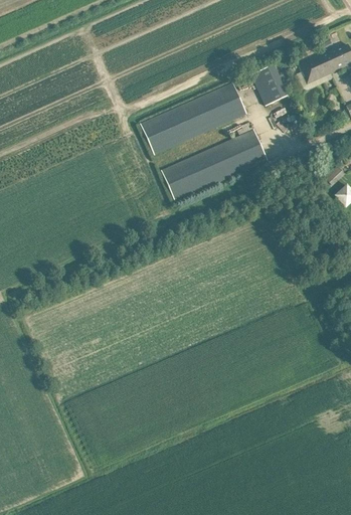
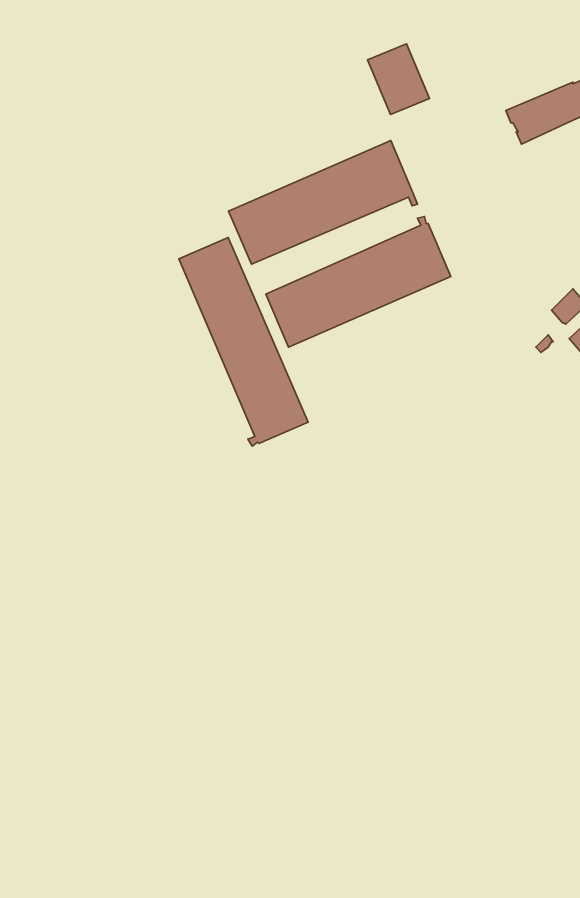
building: [251,64,287,105] -> [368,44,429,115]
building: none -> [179,237,308,446]

